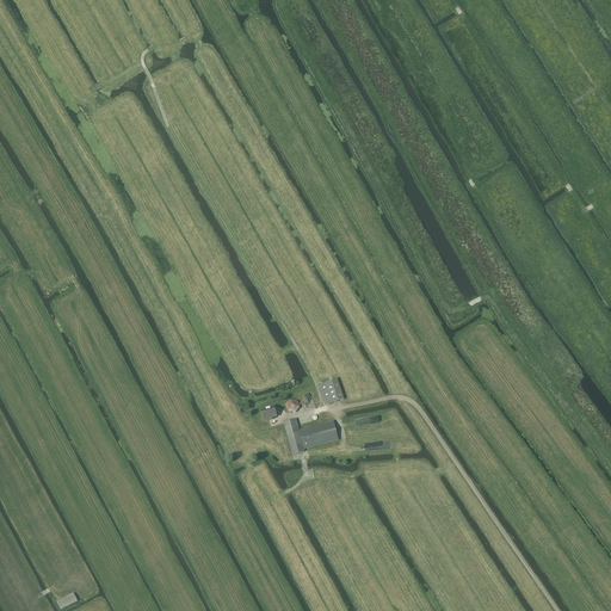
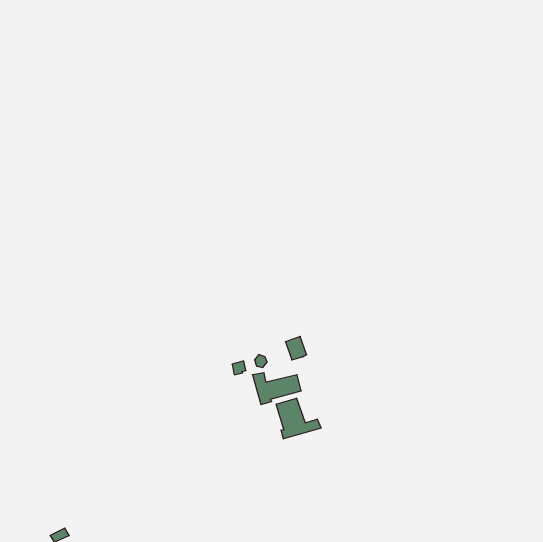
building: none -> [276,398,321,439]

